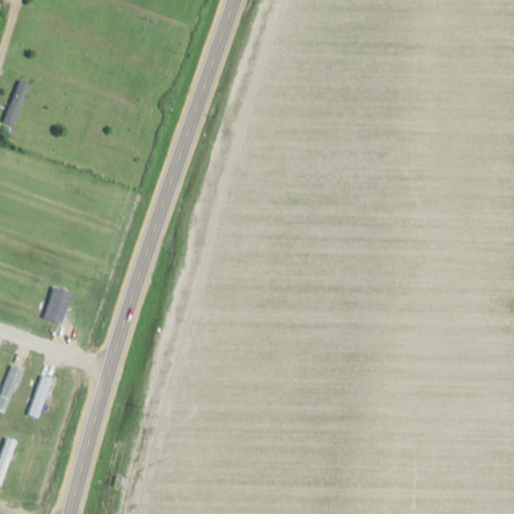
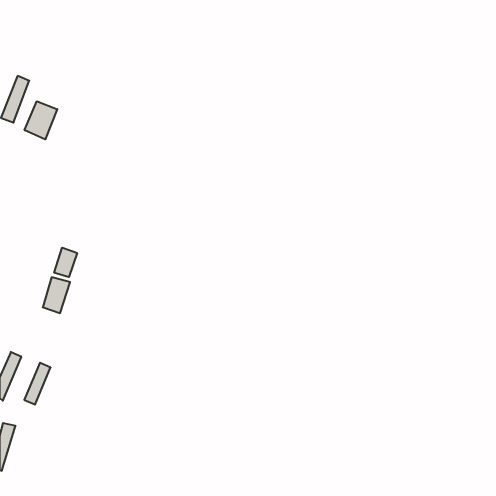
building: none -> [25,101,57,139]
building: none -> [54,248,77,277]

